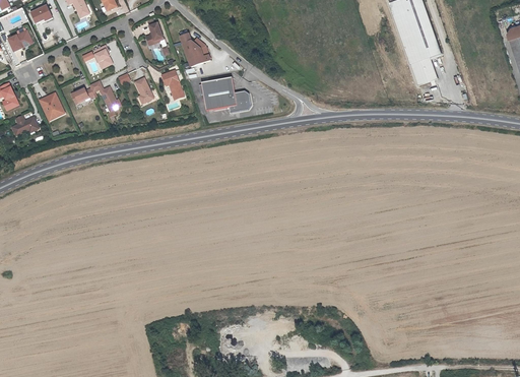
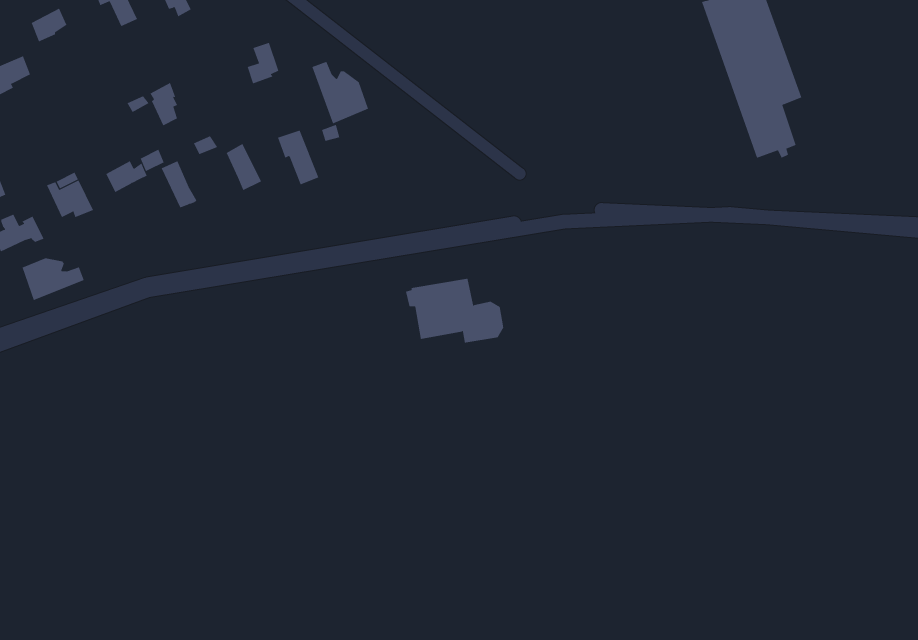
building: [198,77,251,112] -> [405,278,504,343]
building: none -> [22,257,85,301]

